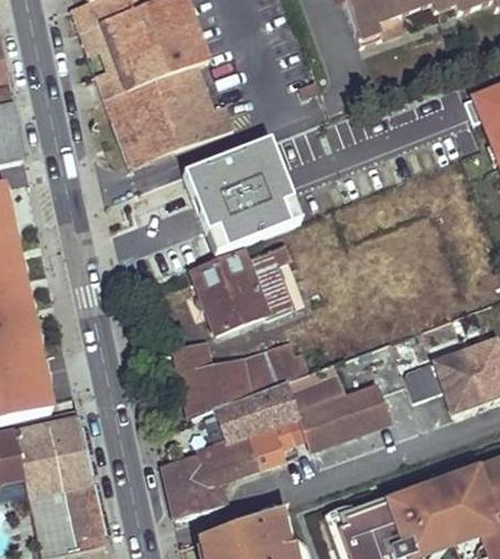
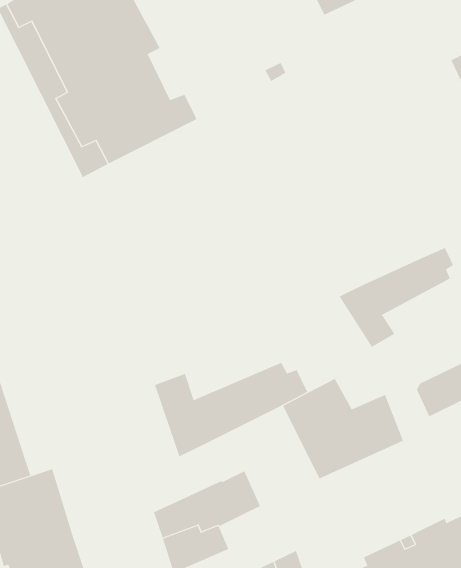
building: [181,141,298,253] -> none
building: [192,247,308,332] -> none
building: none -> [339,247,454,348]
building: [215,381,308,467] -> none

